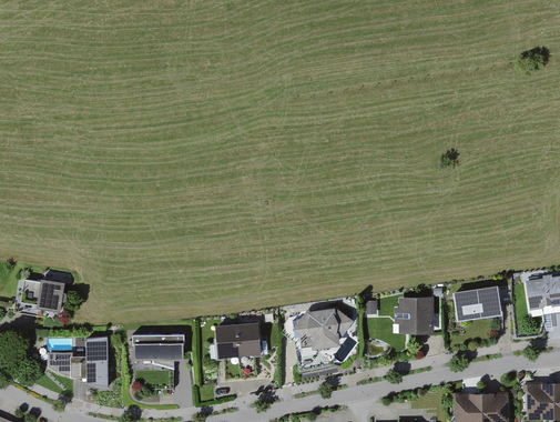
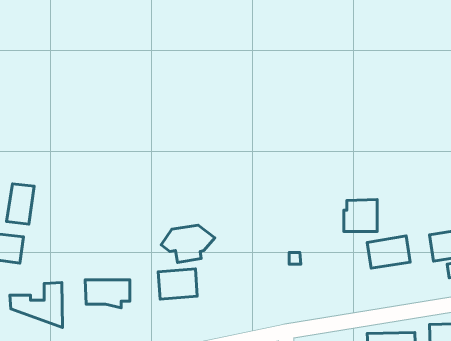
building: none -> [7,184,34,224]
building: [395,298,432,334] -> [344,199,377,232]
building: [294,305,355,348] -> [161,225,215,262]

